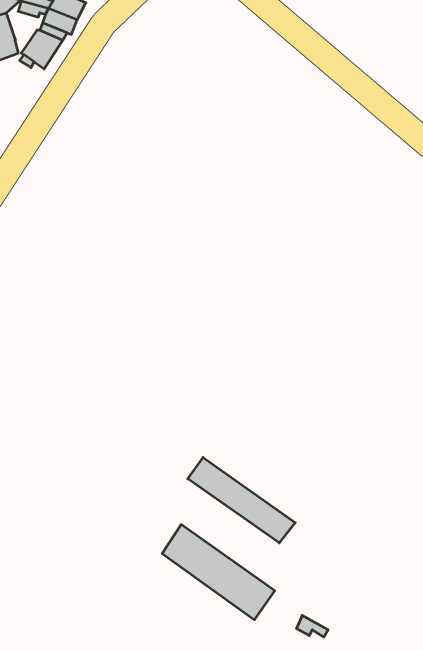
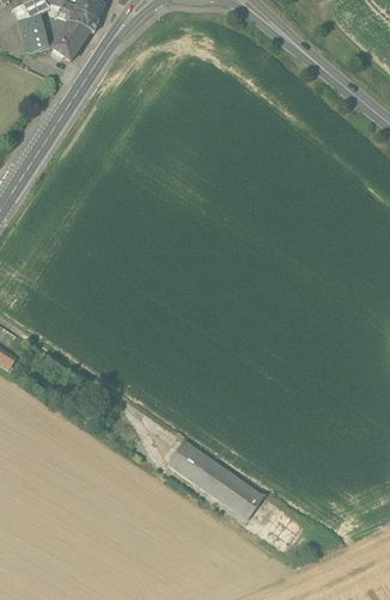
building: [188,457,295,543] -> none

